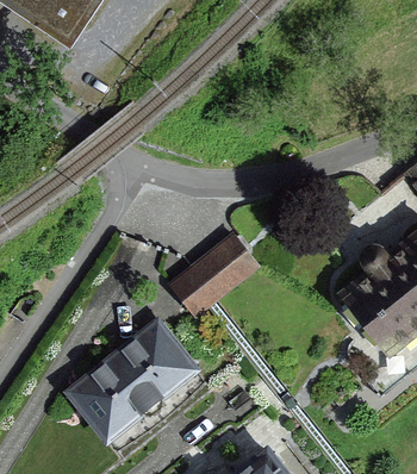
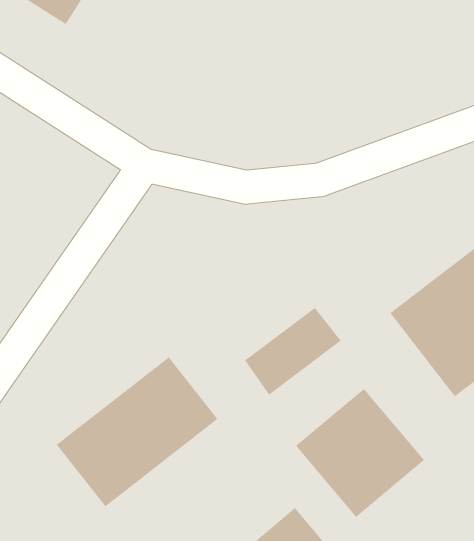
building: [172,241,251,313] -> [244,307,341,395]
building: none -> [295,388,425,518]

